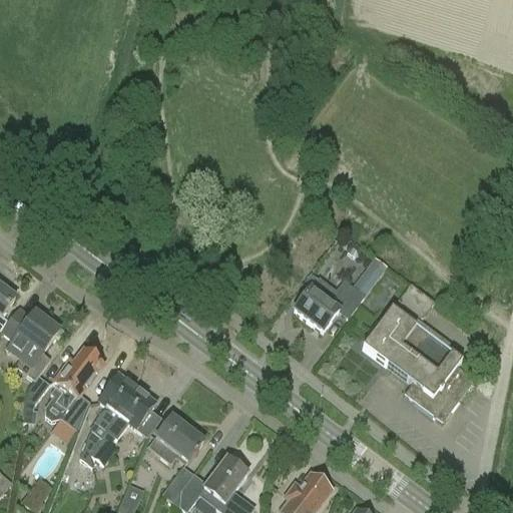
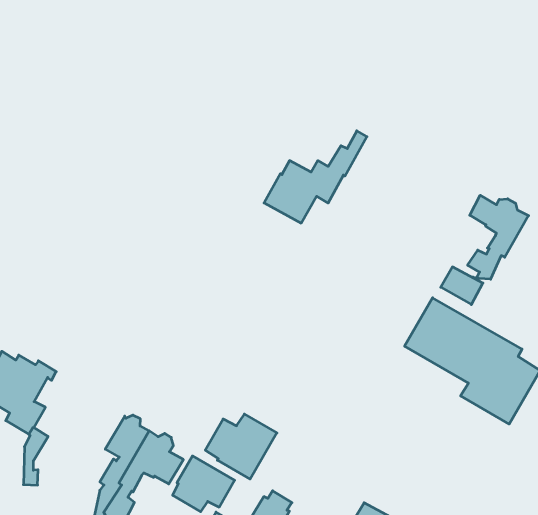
building: none -> [468,195,529,279]
building: [294,258,388,330] -> [264,131,367,223]
building: [45,348,103,430] -> none
building: none -> [205,414,277,479]

